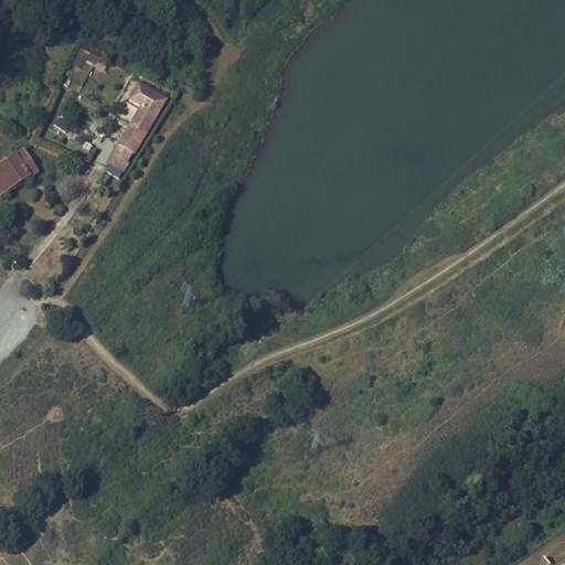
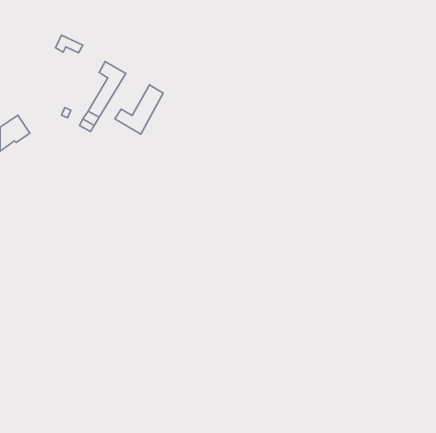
building: none -> [115,85,163,134]

